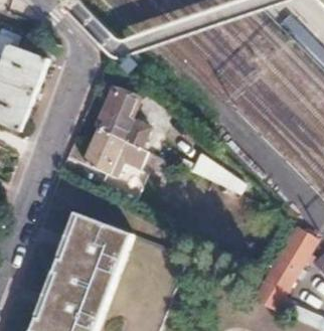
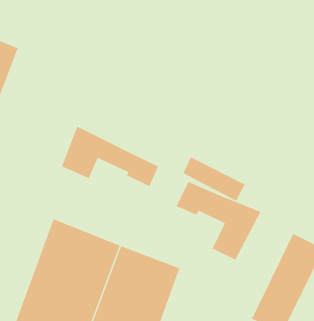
building: [96,89,148,149] -> none
building: none -> [176,181,261,261]

